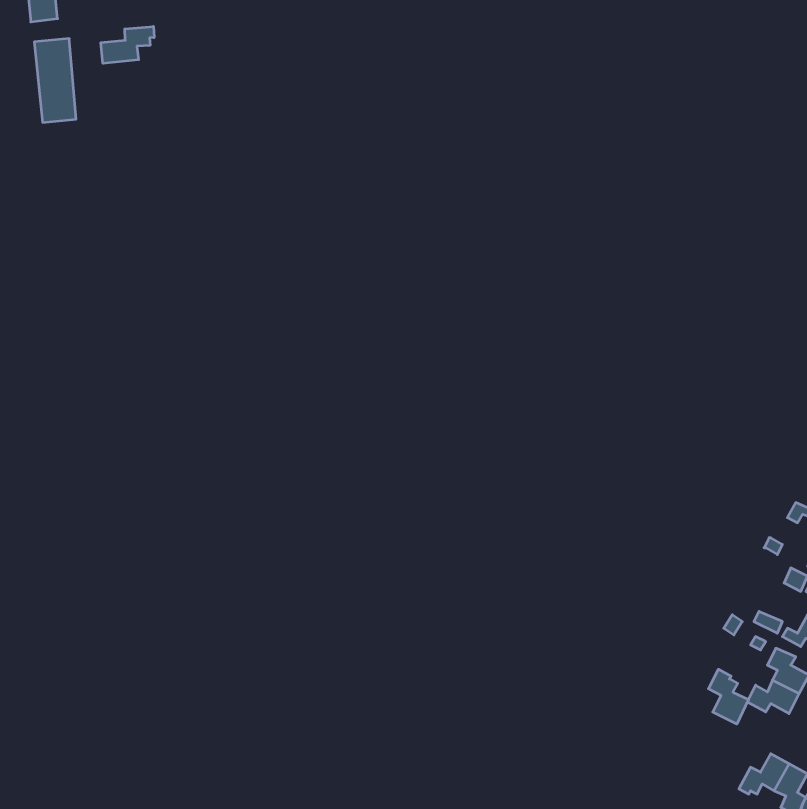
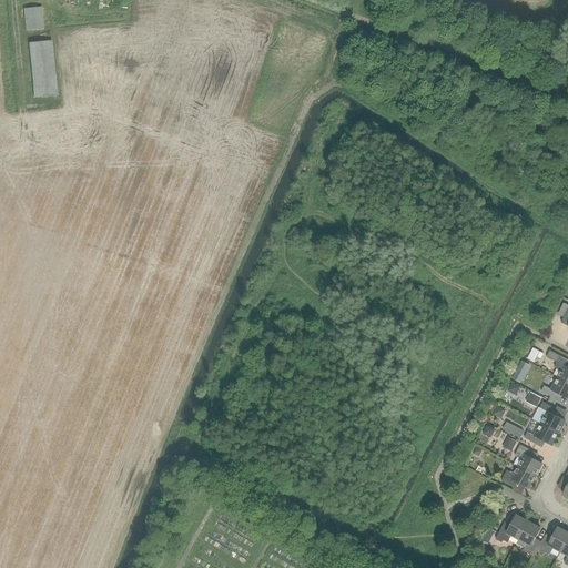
building: [101,26,154,63] -> none
building: [708,669,748,724] -> none

